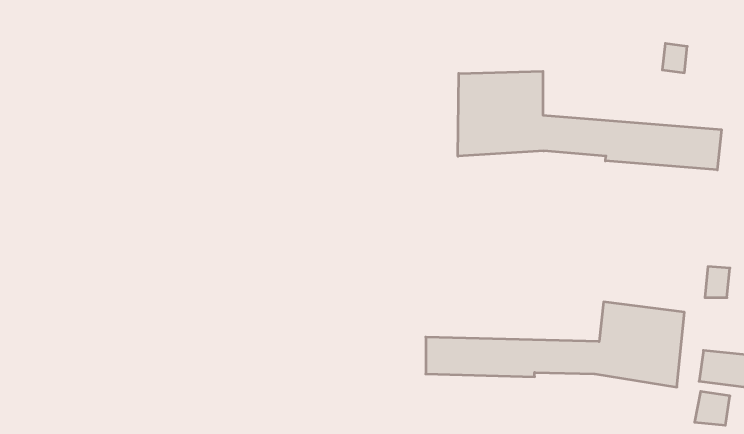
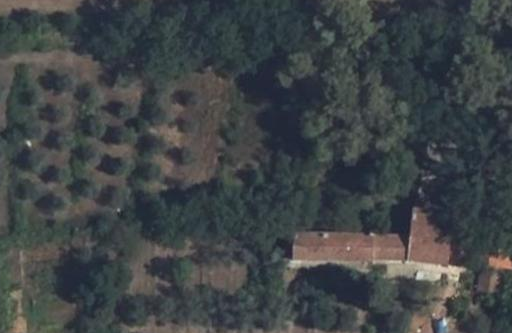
building: [458,71,721,170] -> none

